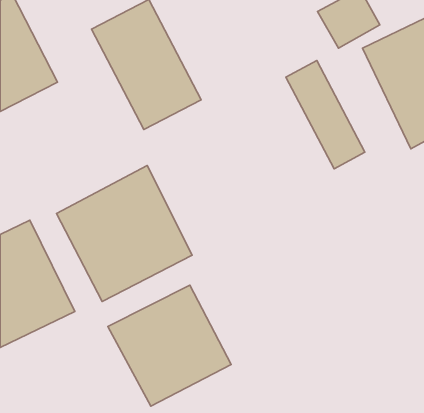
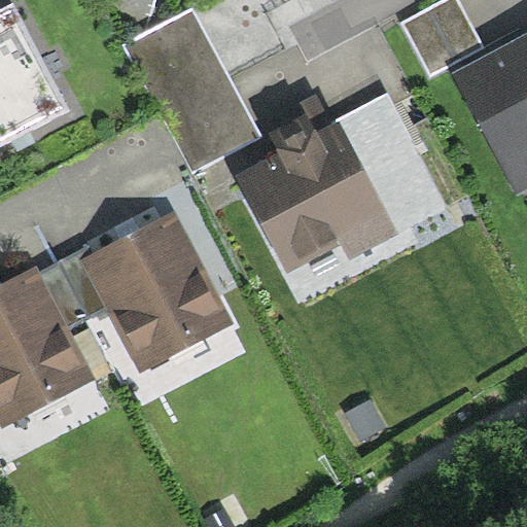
building: none -> [239,116,393,284]
building: [108,285,231,406] -> none

